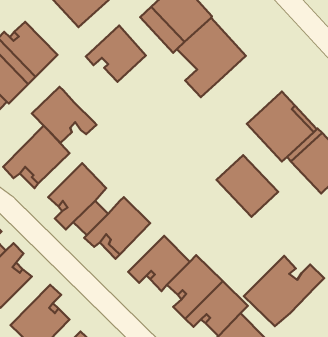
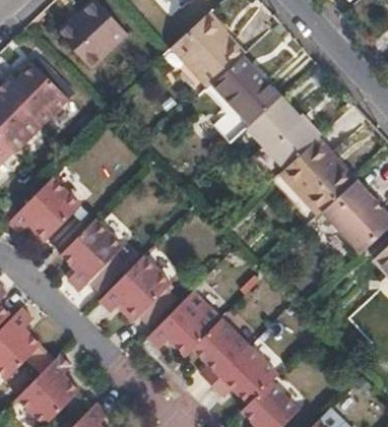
building: [86,26,146,82] -> none
building: [32,87,97,143] -> none
building: [217,155,278,217] -> [248,99,316,167]
building: [244,256,324,326] -> none

